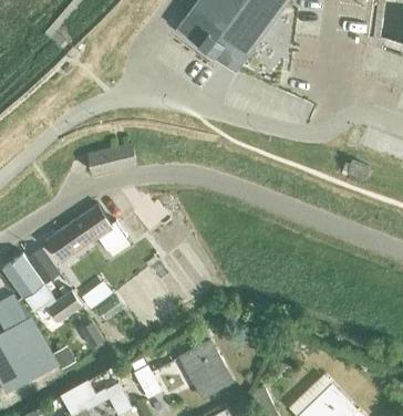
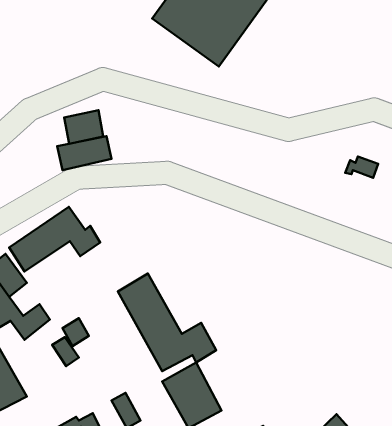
building: none -> [64,110,103,144]
building: none -> [118,273,216,371]

